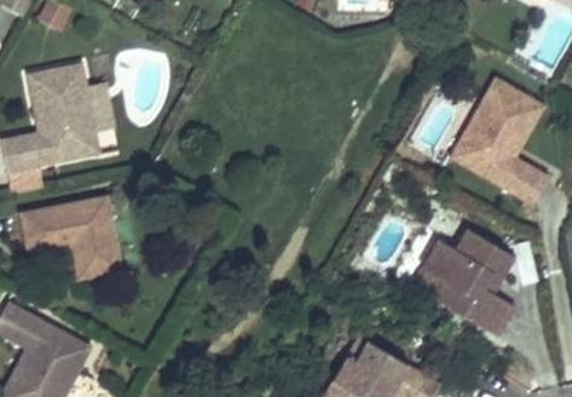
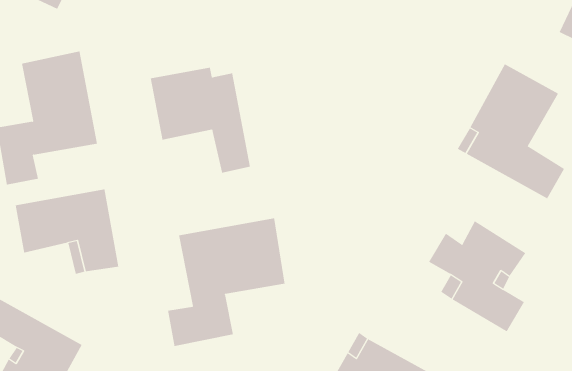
building: none -> [150,67,250,173]
building: none -> [168,217,285,347]

